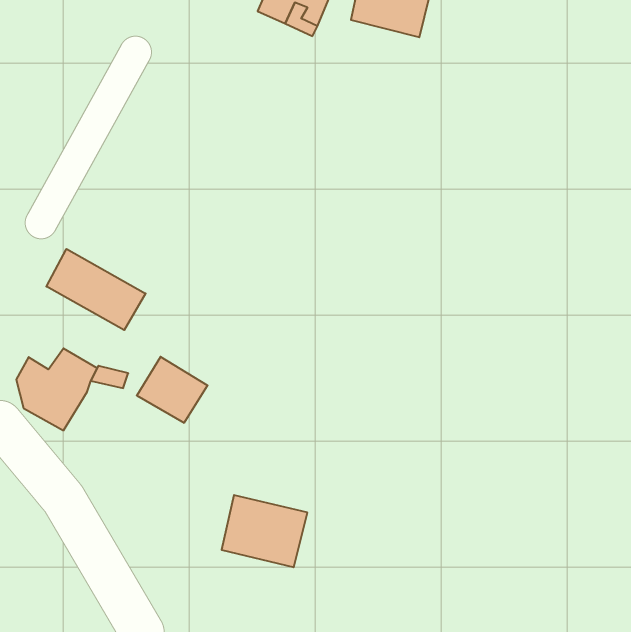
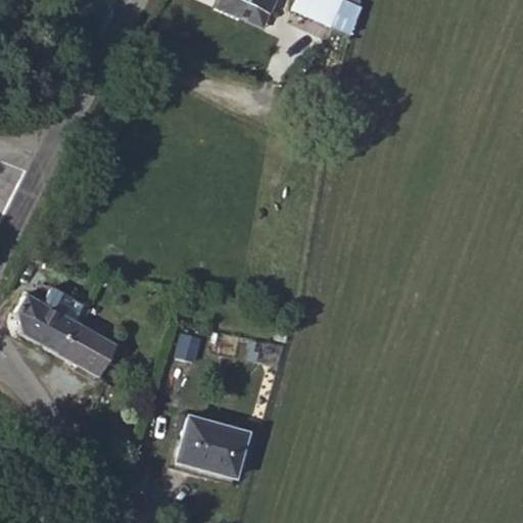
building: [46,249,146,330] -> none
building: [137,357,208,423] -> [56,322,114,376]

